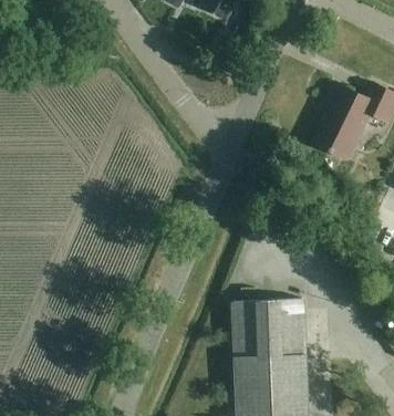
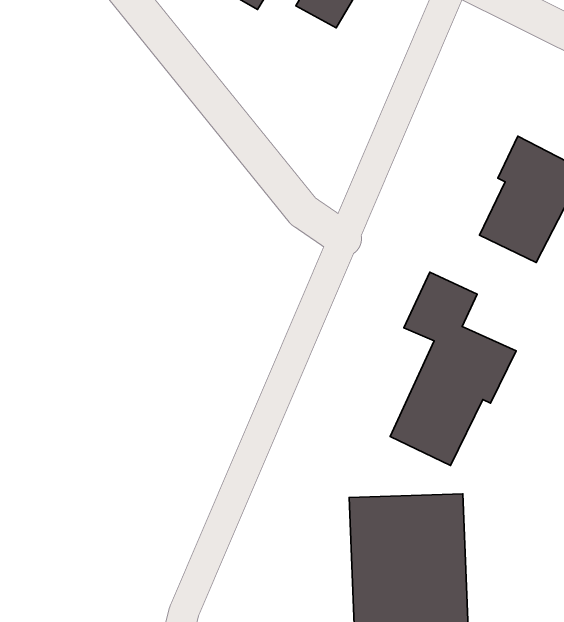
building: none -> [390,272,516,466]

